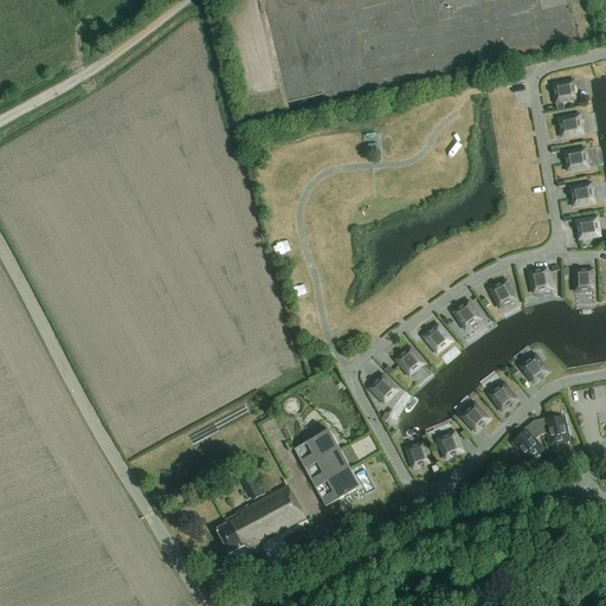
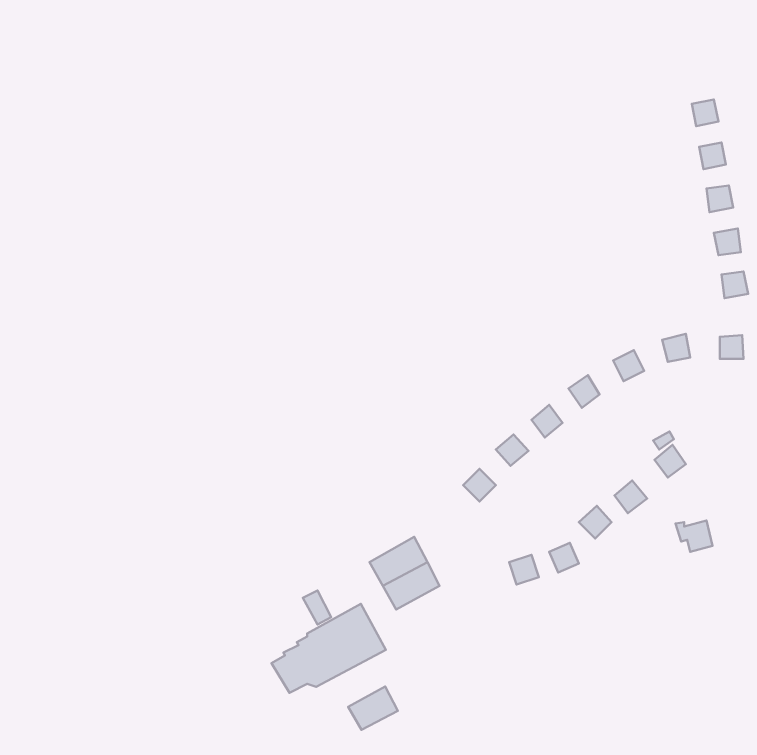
building: [512,418,543,457] -> none
building: [316,468,361,505] -> none
building: none -> [348,686,398,730]

